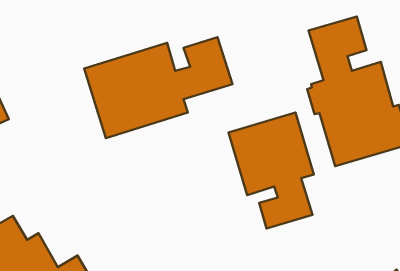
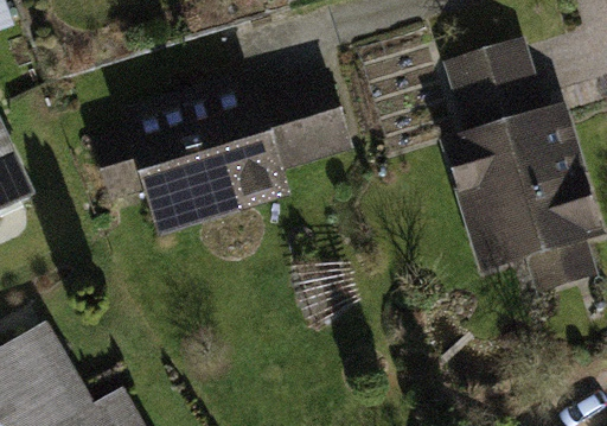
building: [228,112,314,228] -> none

